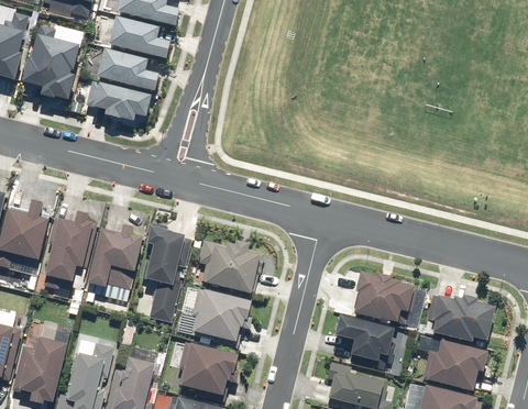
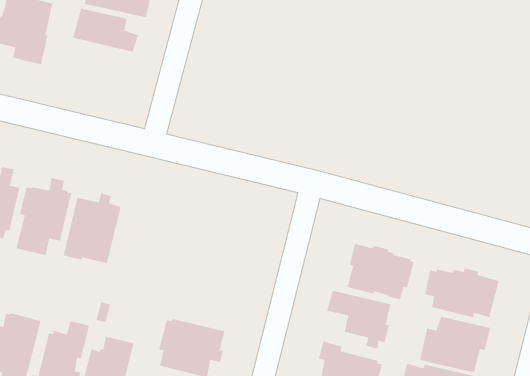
building: [85,81,152,121] -> none
building: [140,222,191,322] -> none
building: [198,237,265,292] -> none
building: [189,287,253,349] -> none

